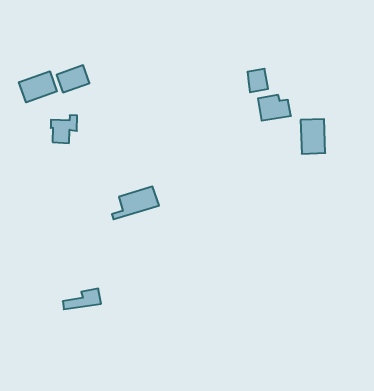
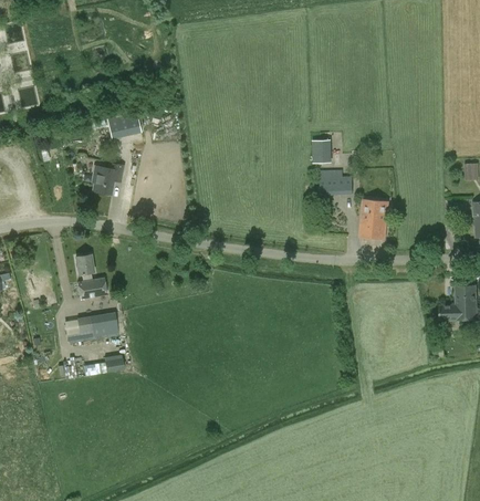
building: [19,71,57,102] -> none
building: [112,187,159,219] -> [66,311,118,341]
building: none -> [75,254,107,300]

